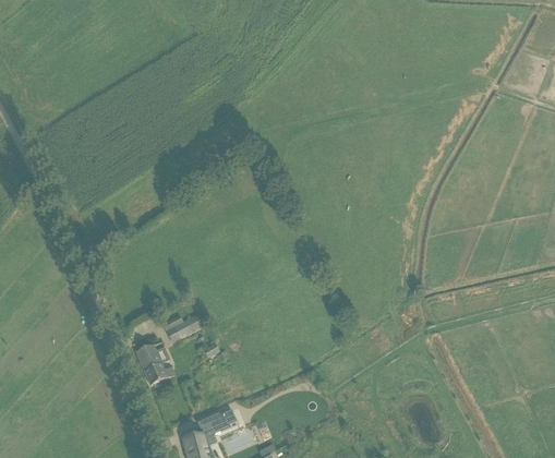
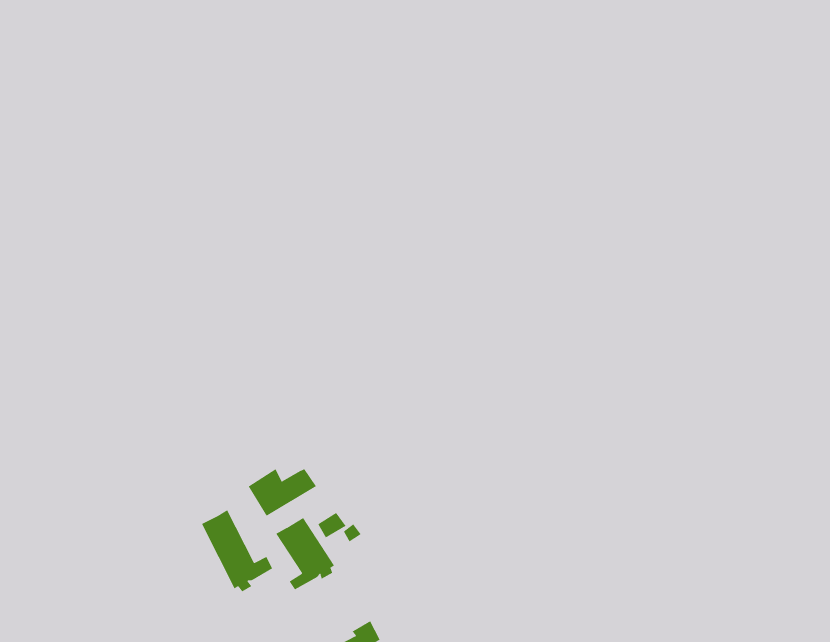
building: none -> [276,517,335,590]

